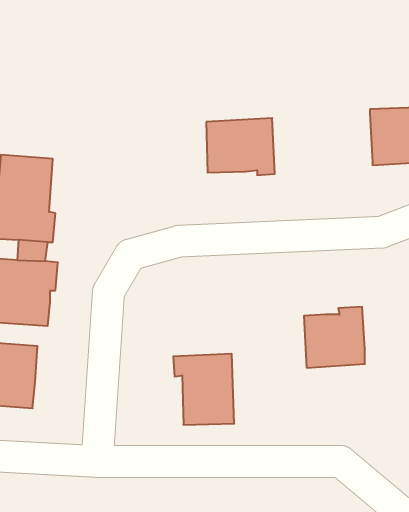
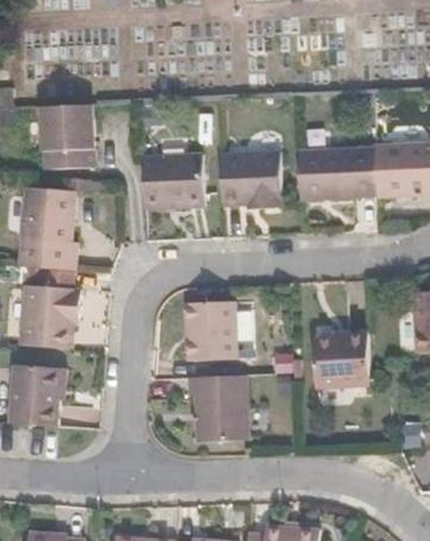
building: none -> [41,104,96,172]
building: none -> [297,148,376,198]
building: none -> [142,154,204,209]
building: none -> [185,300,236,362]

